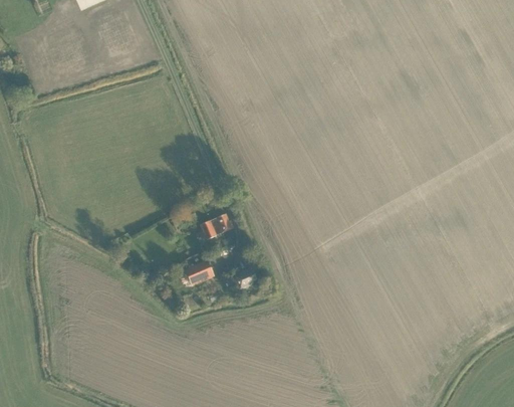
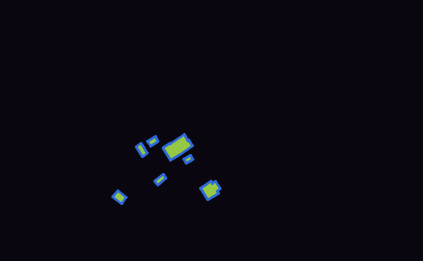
building: [184,259,212,286] -> none

